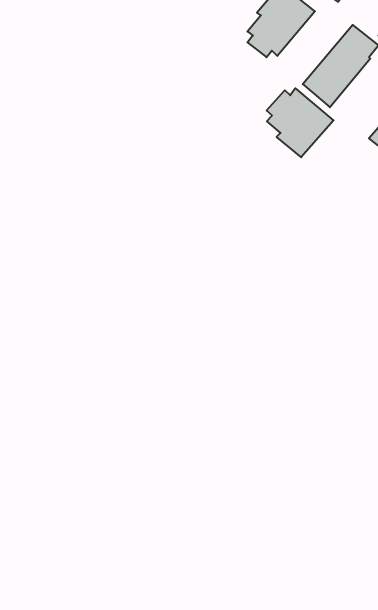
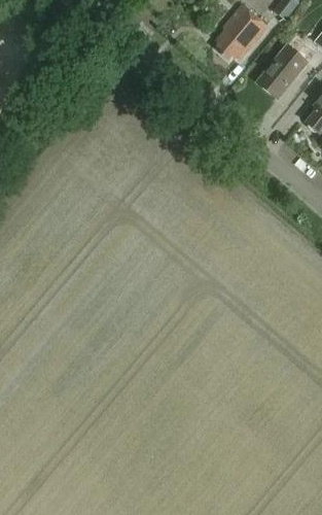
building: [267,88,334,157] -> none

